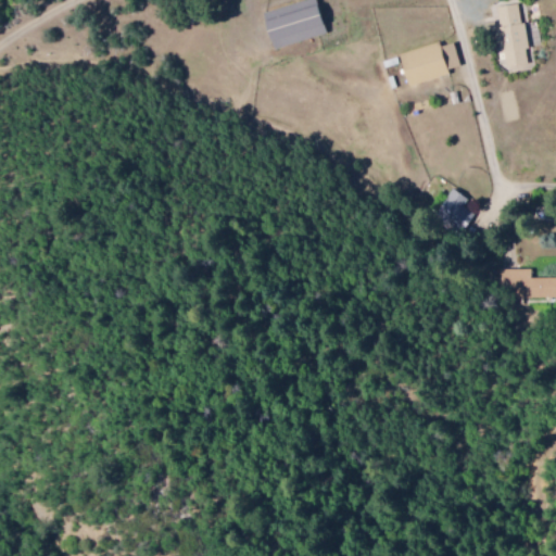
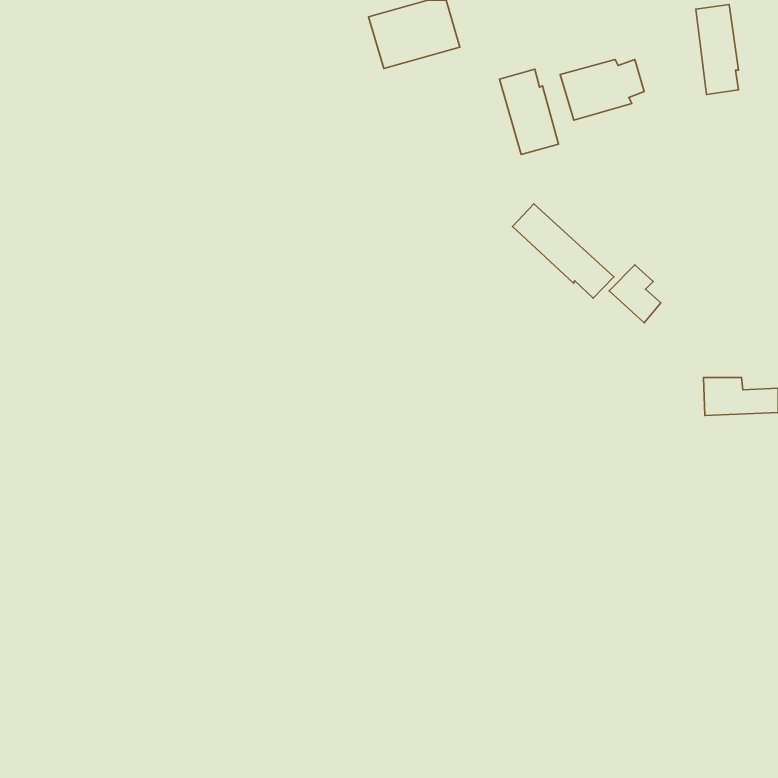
building: none -> [499,69,558,155]
building: none -> [512,204,614,298]

